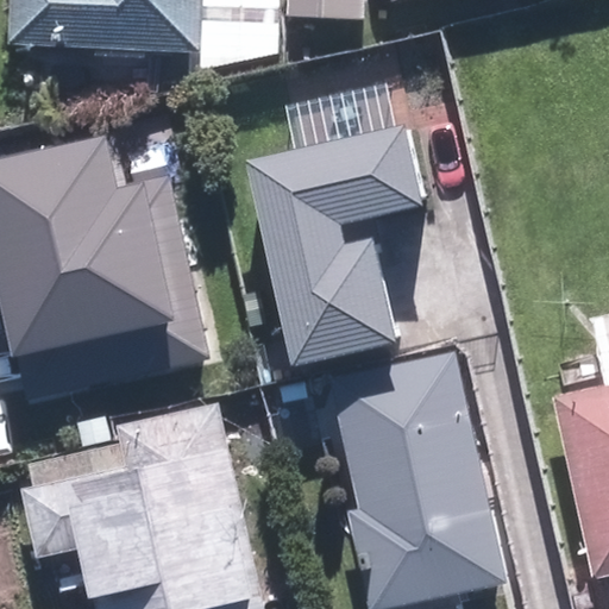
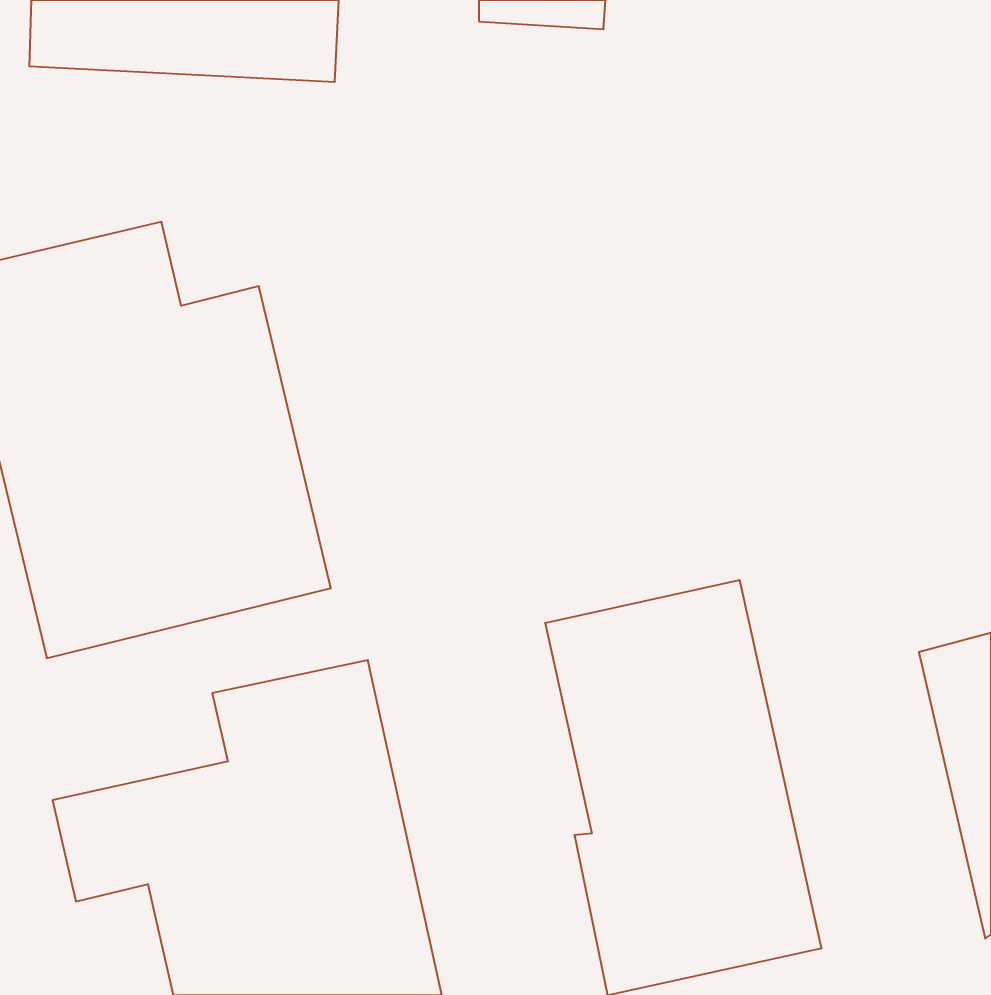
building: [244,123,420,366] -> none

